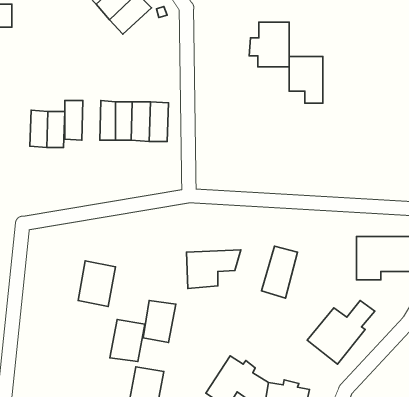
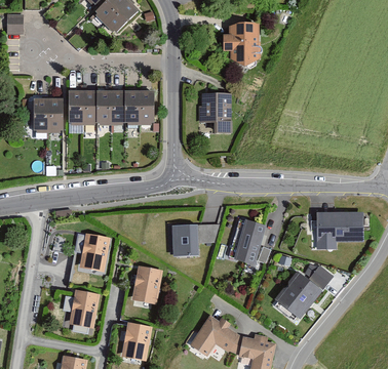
building: [289,56,323,103] -> [202,96,231,136]
building: none -> [82,94,98,128]
building: [110,319,145,362] -> [71,288,101,324]

